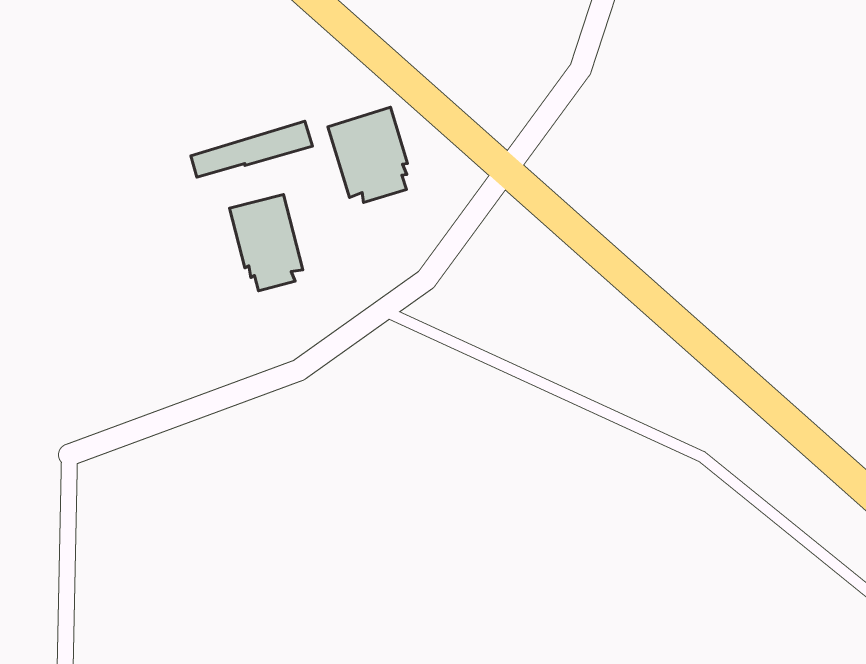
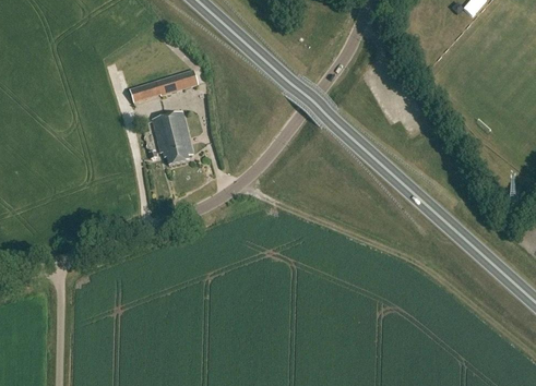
building: [328,107,408,202] -> none

